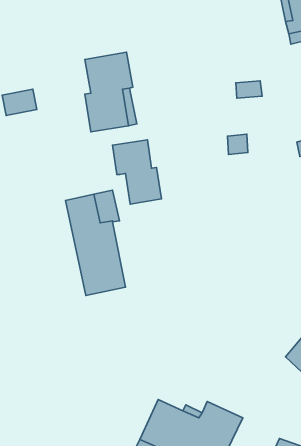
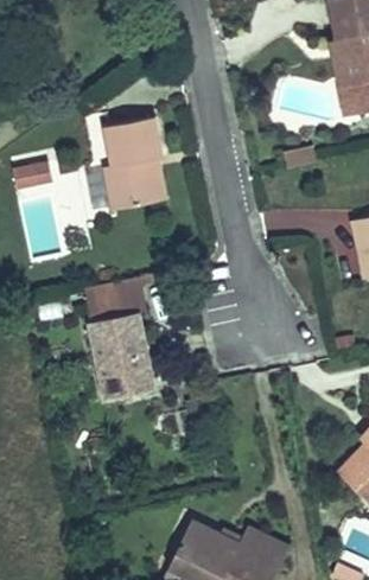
building: [112,140,162,204] -> none

